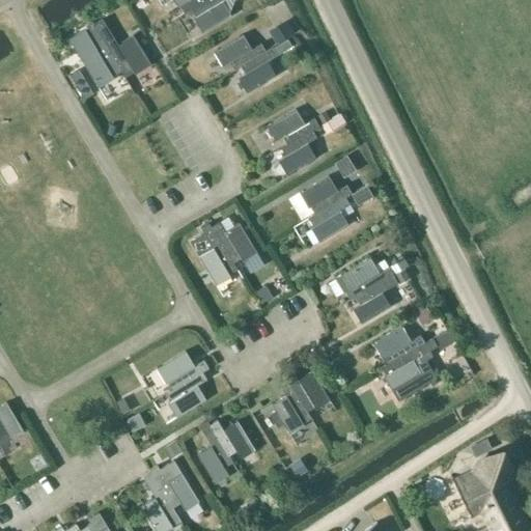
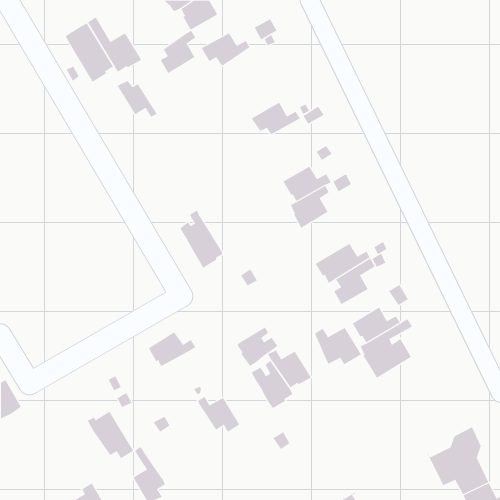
building: [239,47,277,93] -> [160,30,196,74]
building: none -> [117,80,158,118]
building: [279,130,317,175] -> none
building: [212,222,264,274] -> none
building: none -> [237,326,278,367]
building: none -> [314,327,362,365]
building: [166,372,206,418] -> none
building: [197,431,232,483] -> none
building: [149,459,199,510] -> [87,411,134,459]

